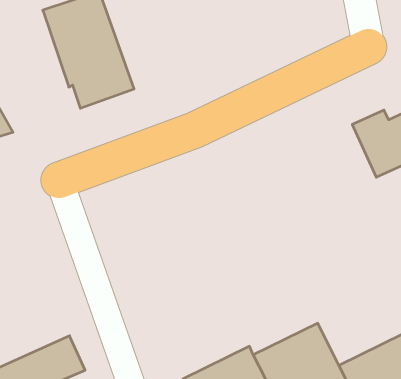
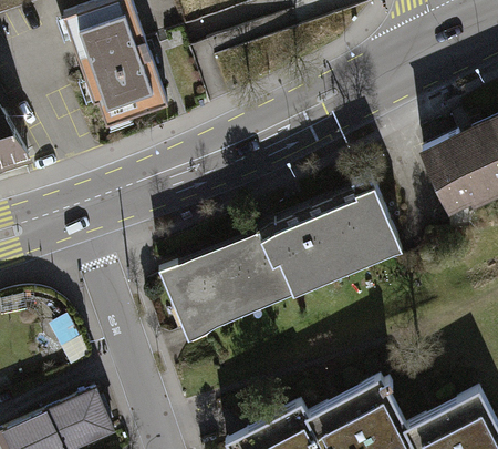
building: none -> [160,177,398,333]

